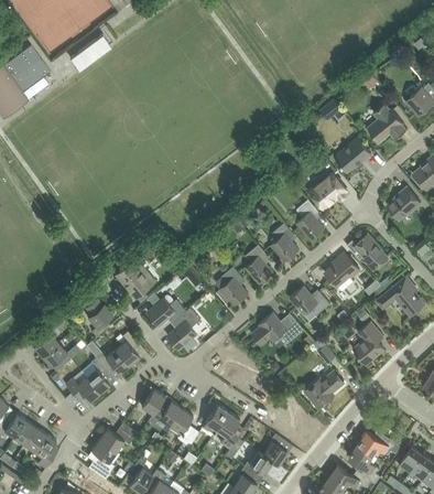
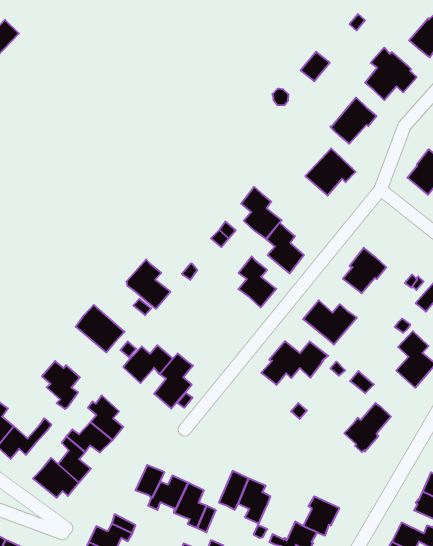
building: [296,200,325,240] -> [241,187,282,239]
building: [354,235,388,269] -> none
building: [216,267,248,305] -> [126,259,170,309]

